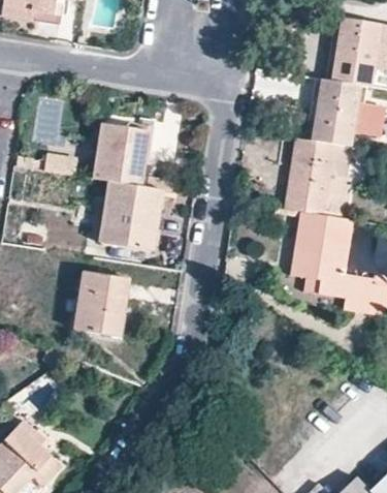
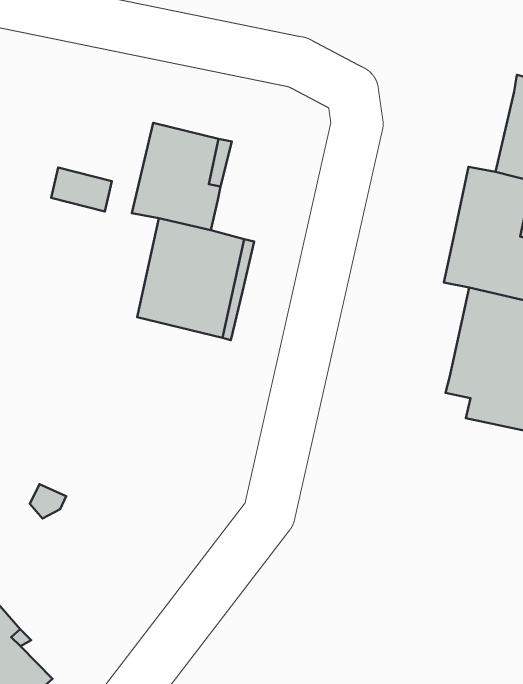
building: [74,271,130,337] -> none

